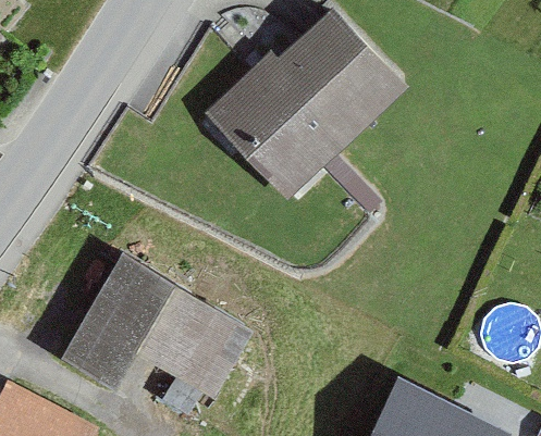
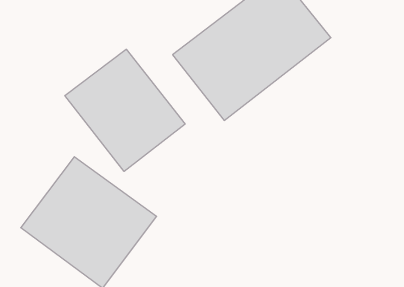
building: none -> [65,49,185,171]

